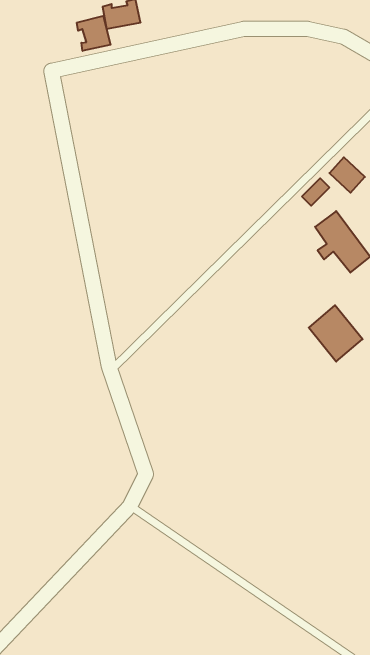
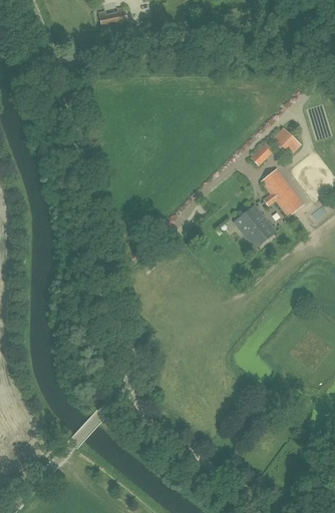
building: [77,16,111,51] -> none
building: [309,305,363,362] -> [235,204,276,247]

